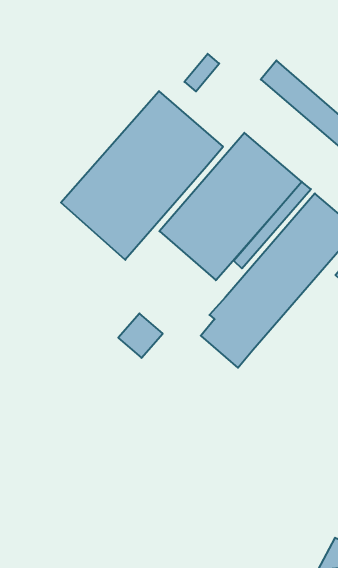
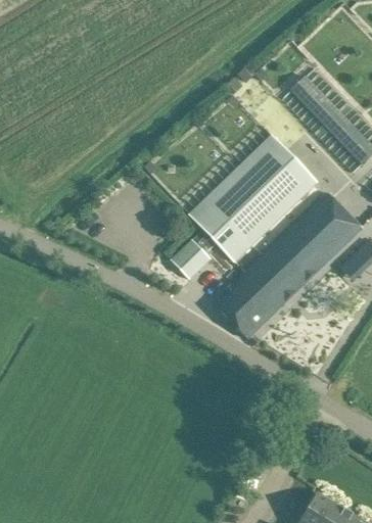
building: [61,91,223,260] -> none
building: [118,313,163,358] -> [173,240,212,279]

